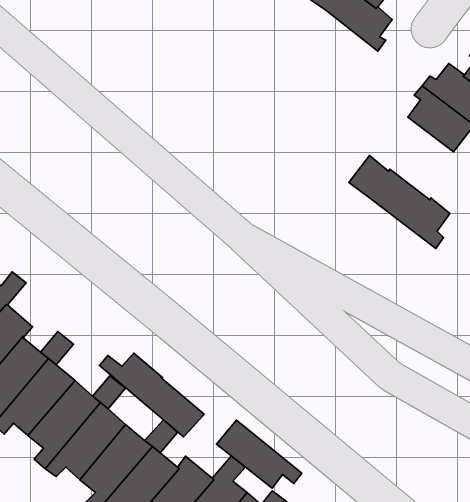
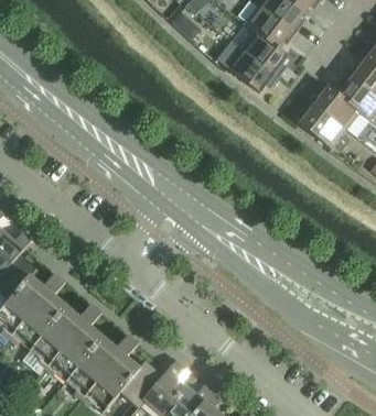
building: none -> [227,48,278,92]
building: [349,156,450,249] -> none
building: [100,353,204,437] -> none
building: [217,420,302,488] -> none

